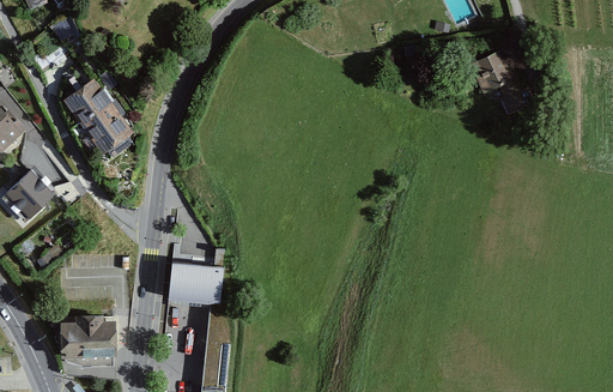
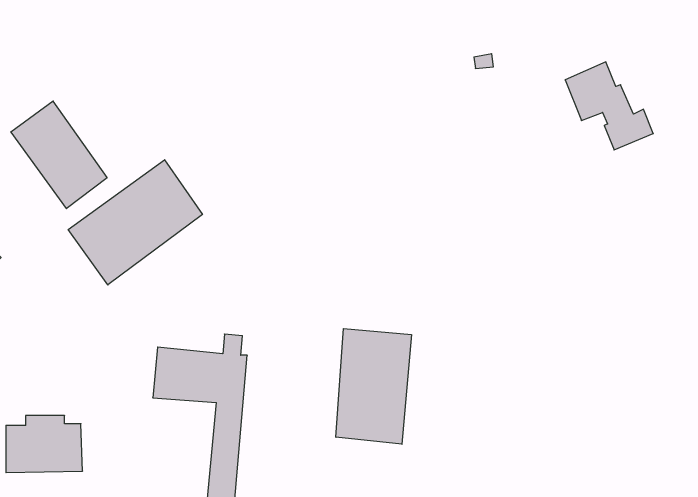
building: none -> [68,160,202,285]
building: none -> [336,329,411,444]

